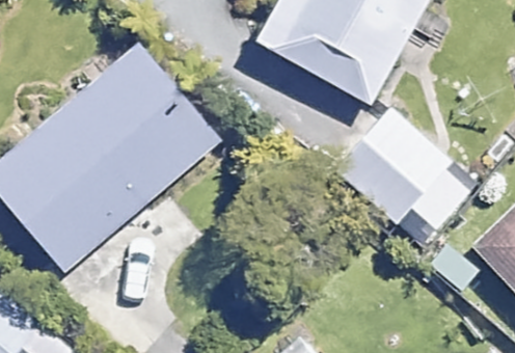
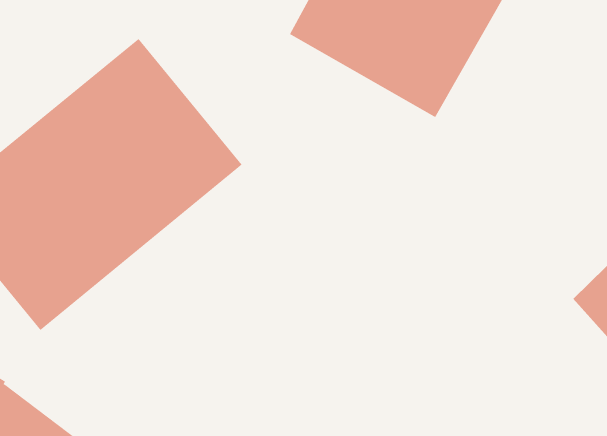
building: [331,106,482,254] -> none

